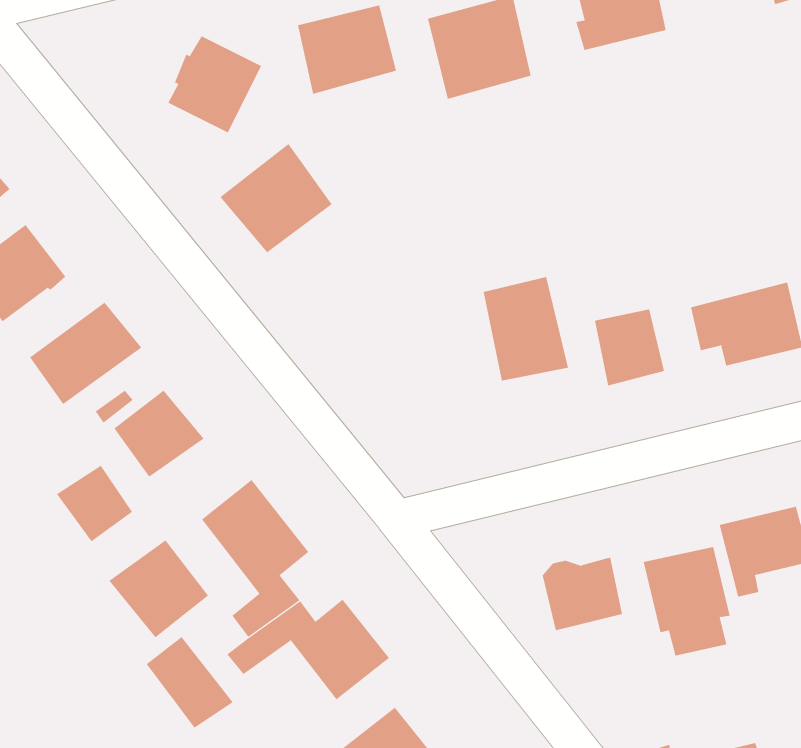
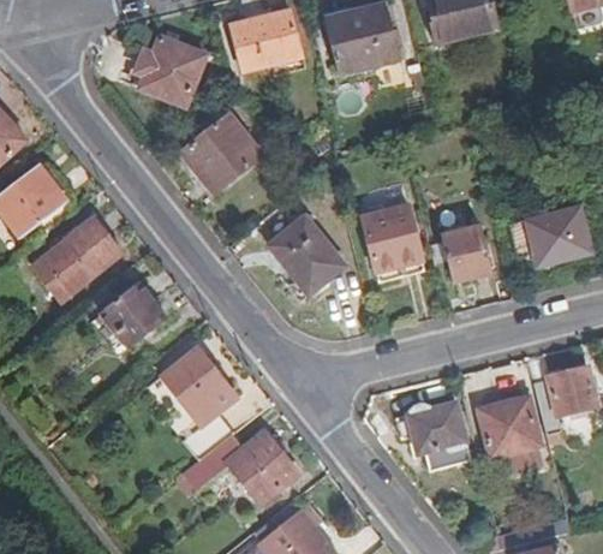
building: none -> [262,213,338,292]
building: [56,465,133,542] -> none
building: [109,539,209,638] -> none
building: [146,636,234,729] -> none

